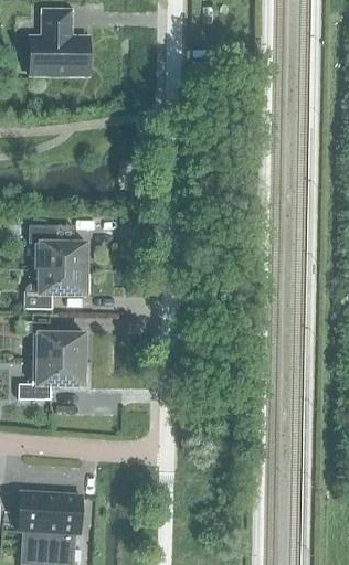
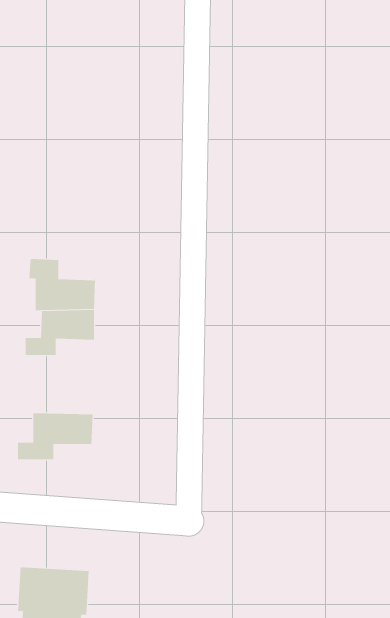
building: [31,9,88,75] -> none
building: [32,321,85,359] -> none

